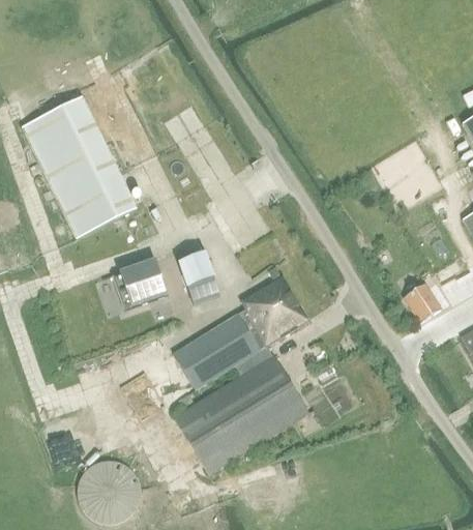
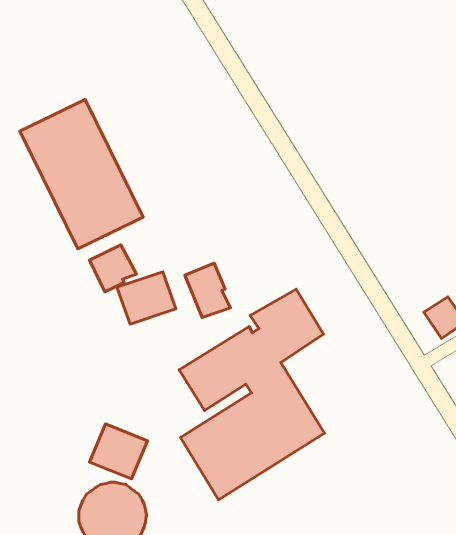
building: none -> [89,245,136,292]
building: none -> [90,424,147,479]

